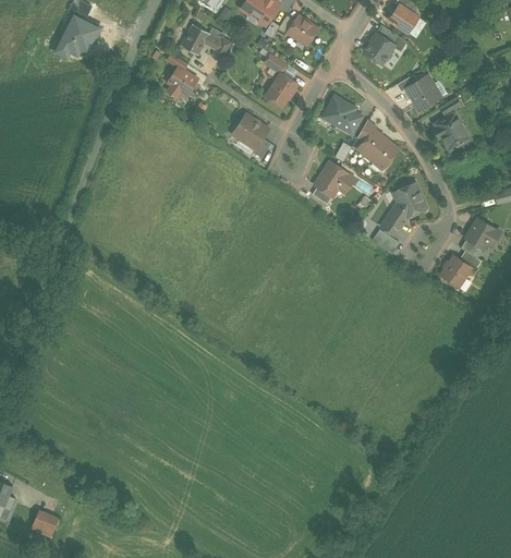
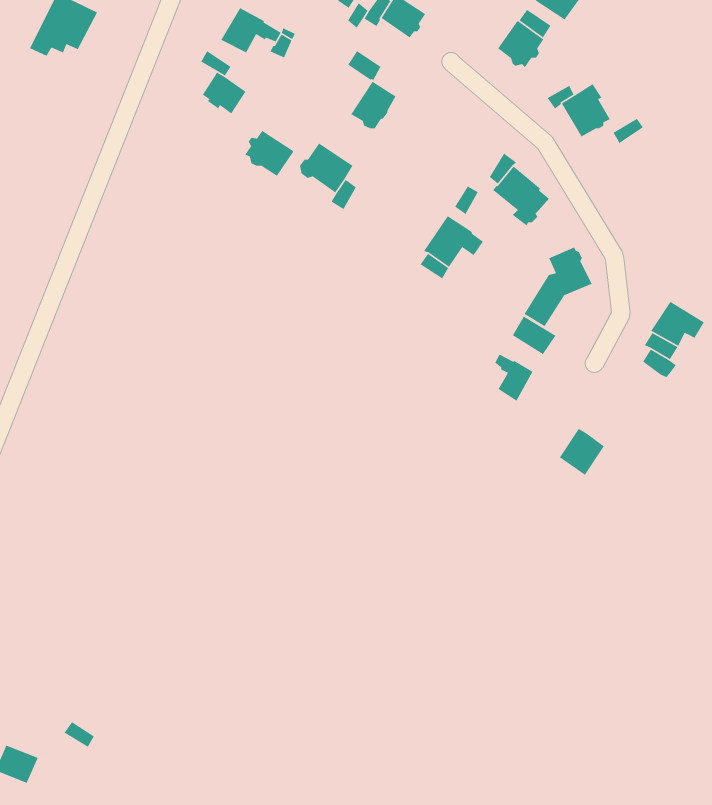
building: [326,96,361,133] -> none
building: none -> [244,129,294,177]
building: [433,111,466,150] -> none
building: none -> [493,354,533,402]
building: [440,255,471,287] -> [559,428,605,476]

